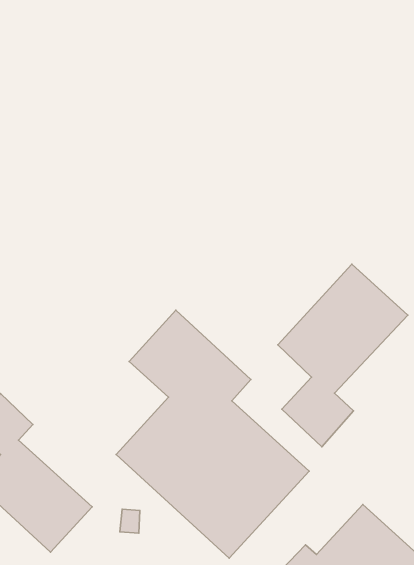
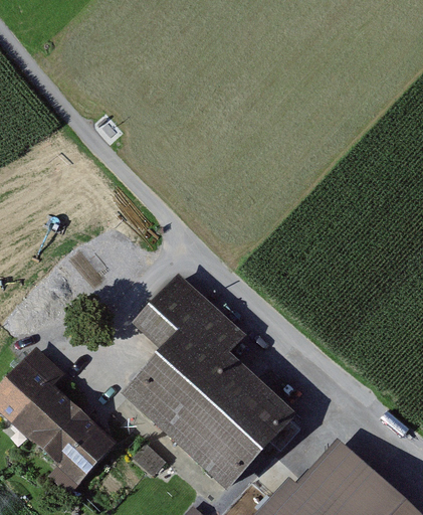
building: [278,264,408,447] -> none

